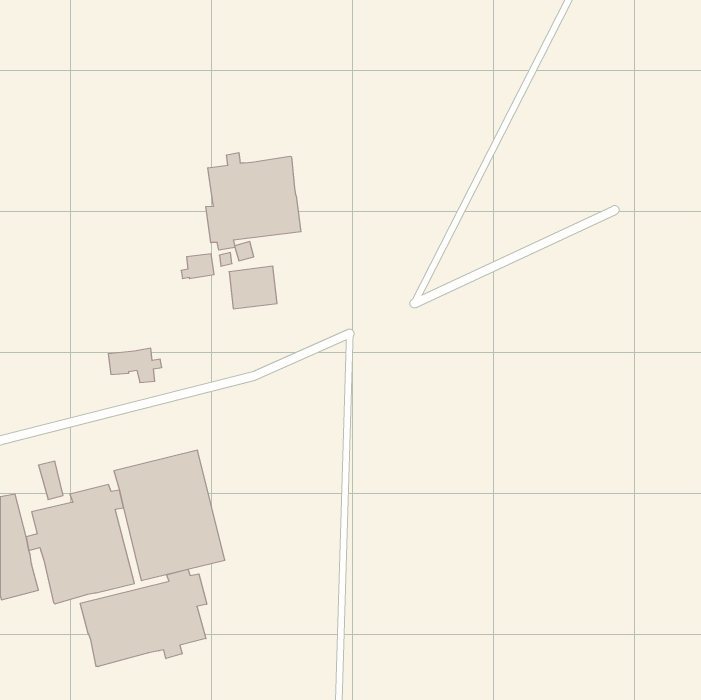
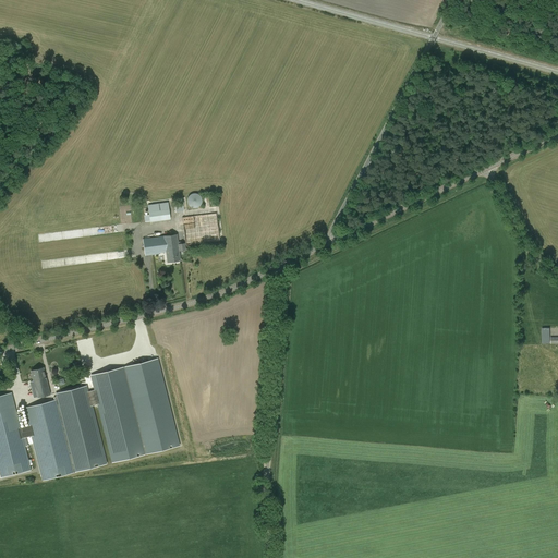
building: [206,153,301,250] -> none
building: [108,348,162,383] -> [143,233,185,260]
building: [80,569,207,667] -> none

